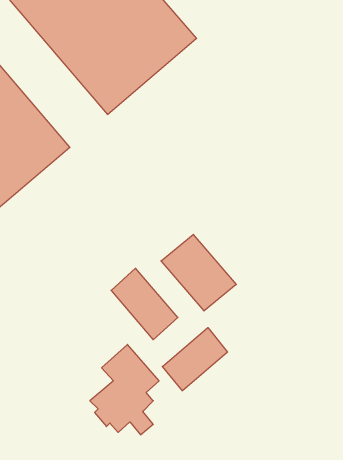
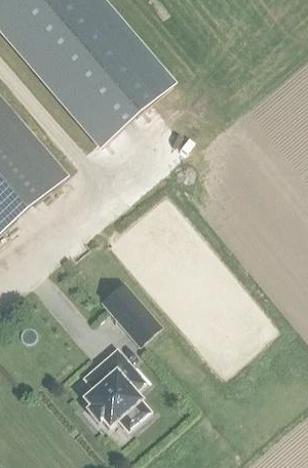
building: [161,234,236,311] -> none
building: [162,328,228,391] -> none

